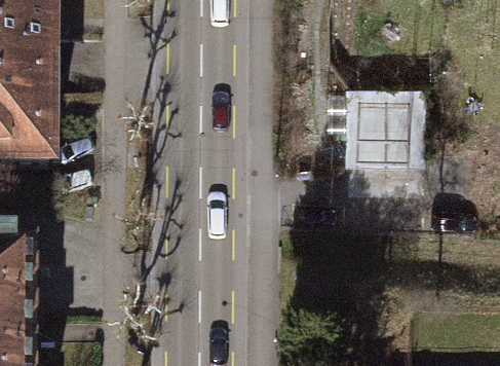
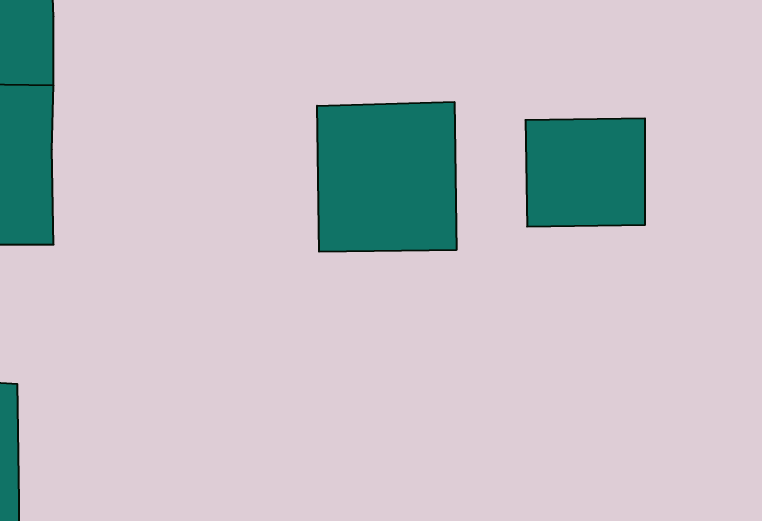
building: none -> [317,102,456,252]

